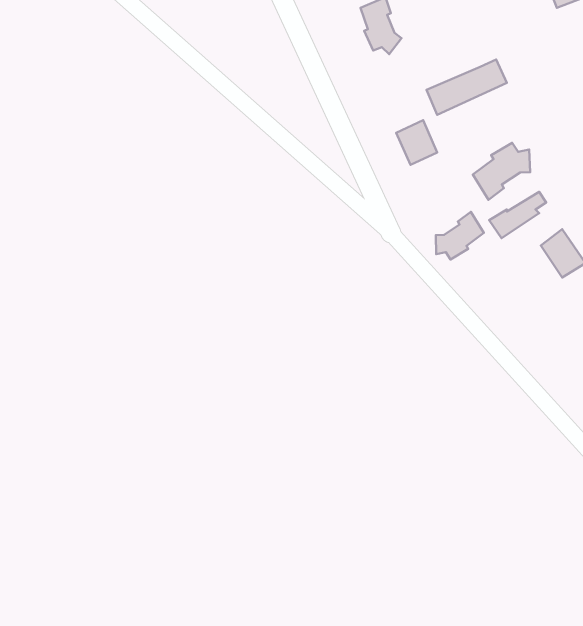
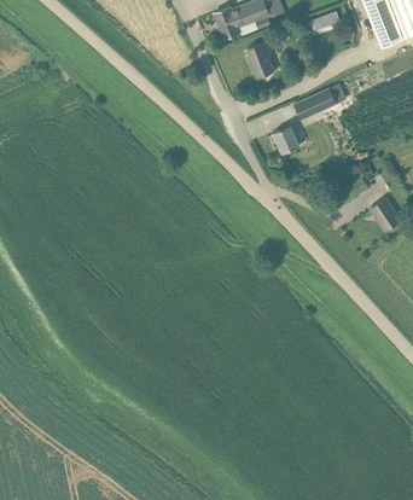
building: [473,143,530,200] -> none
building: [436,212,484,259] -> none

